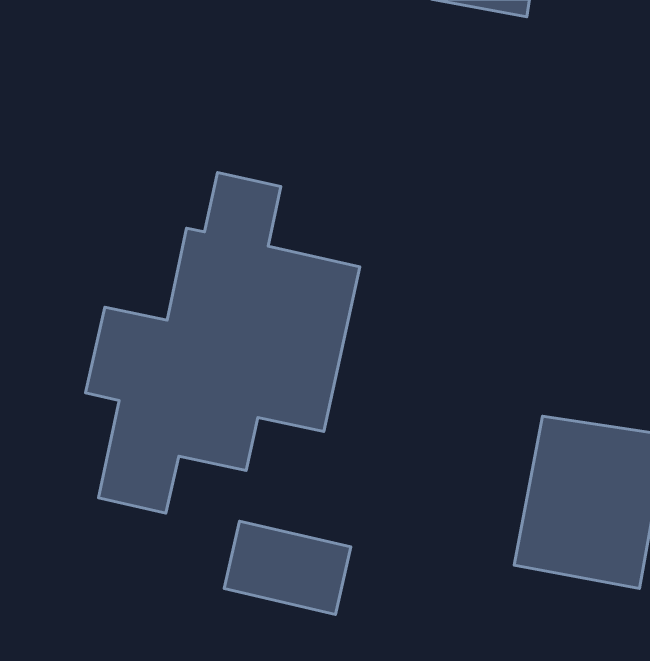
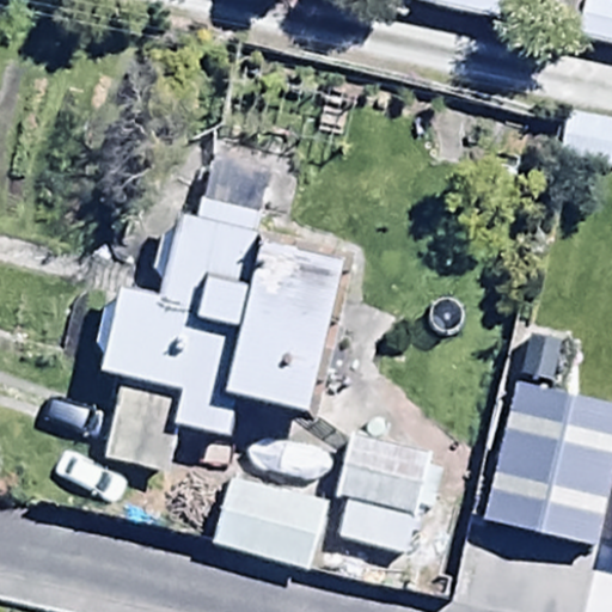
building: none -> [333,433,446,553]

